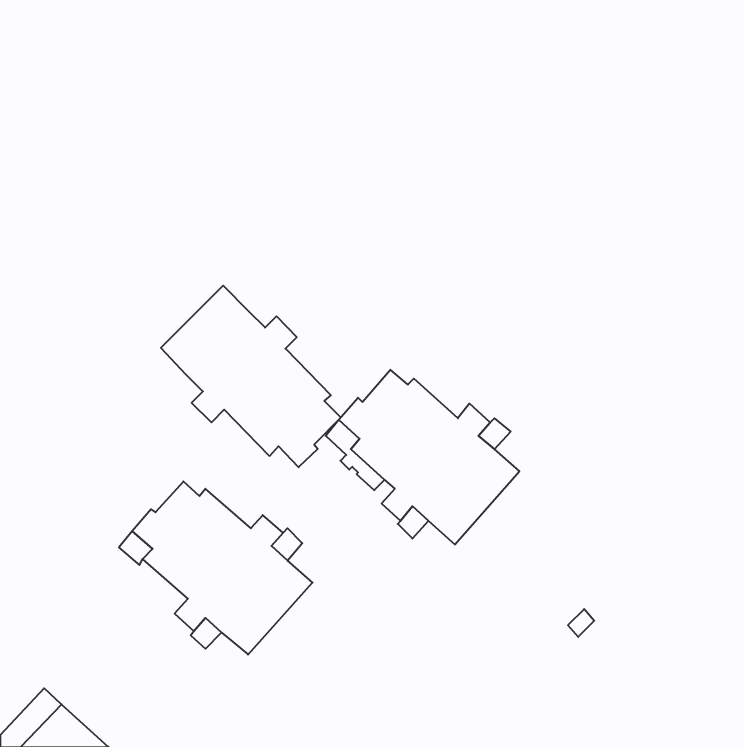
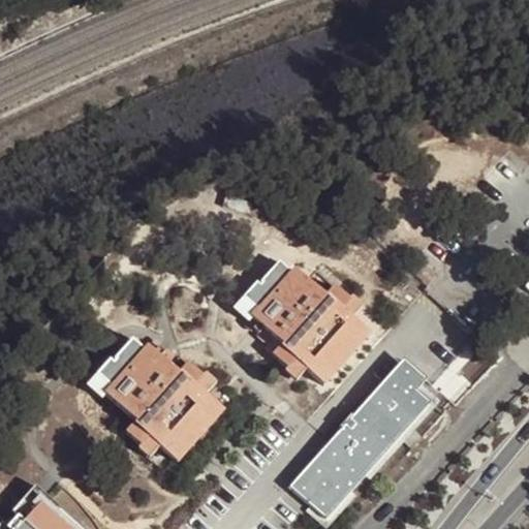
building: [161,286,341,467] -> none
building: none -> [295,362,436,509]

